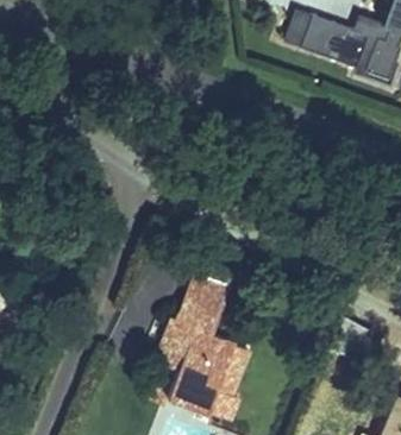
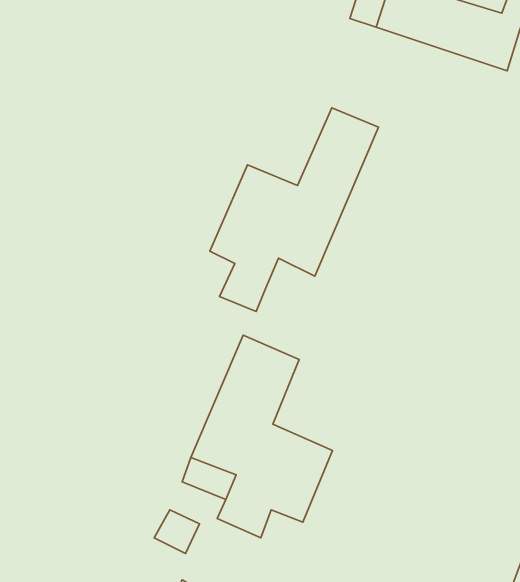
building: none -> [210,108,379,312]

